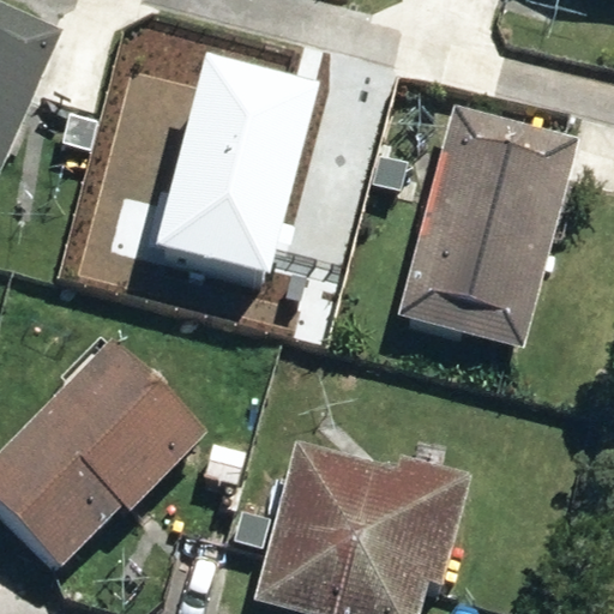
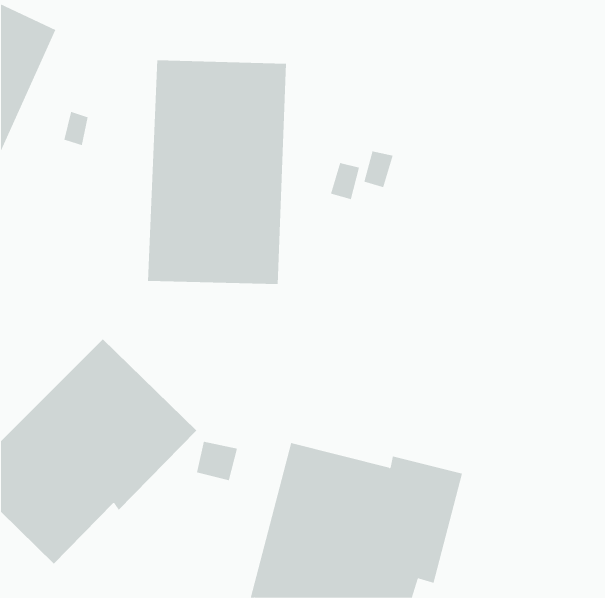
building: [398,109,577,350] -> none

